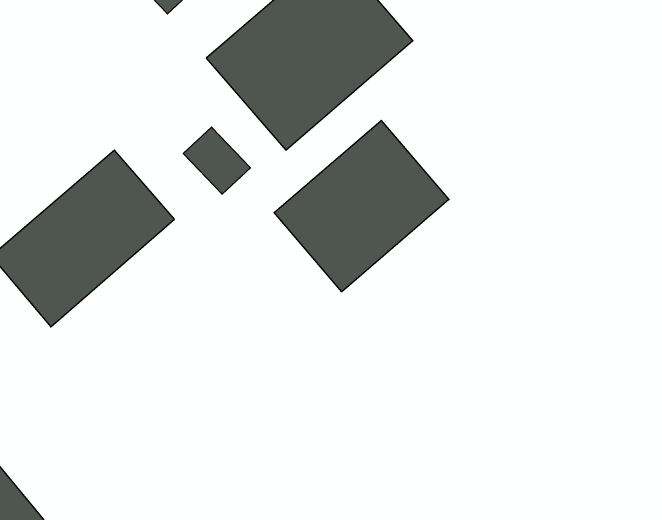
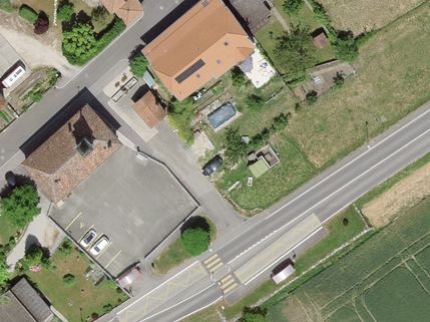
building: [274,120,449,292] -> none

